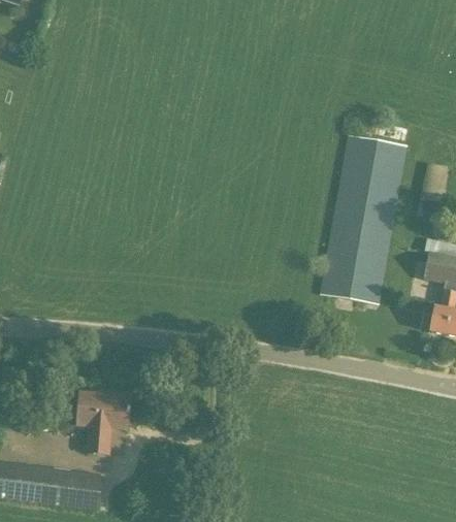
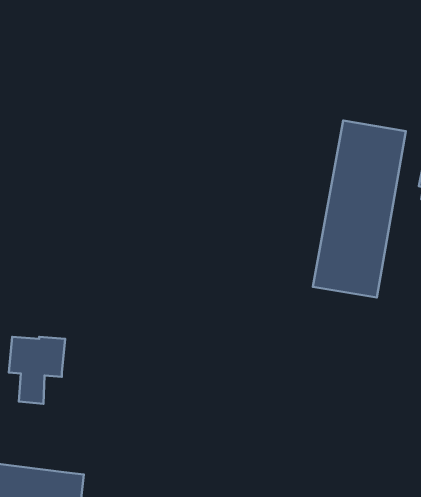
building: [76,391,130,455] -> [9,337,65,404]

